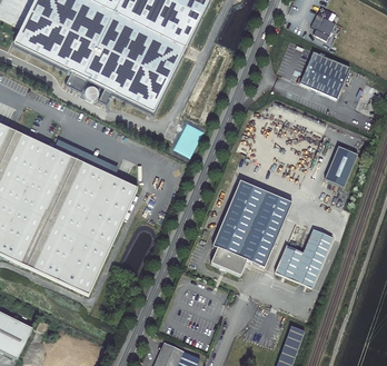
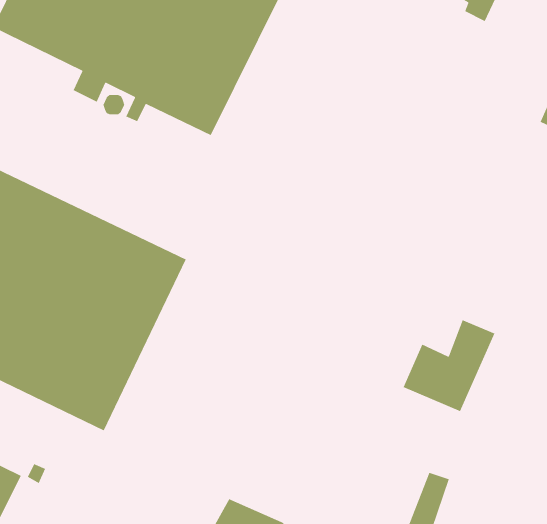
building: [296,50,349,97] -> none
building: [324,145,357,185] -> none
building: [210,178,291,274] -> none

